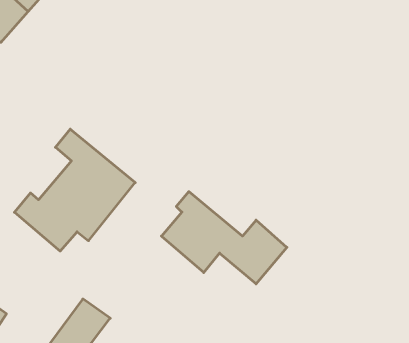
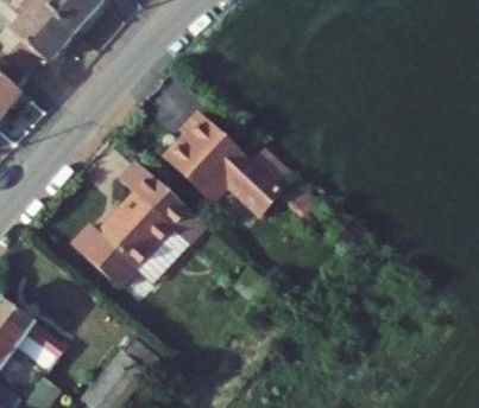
building: [161,192,287,284] -> [156,104,286,200]

